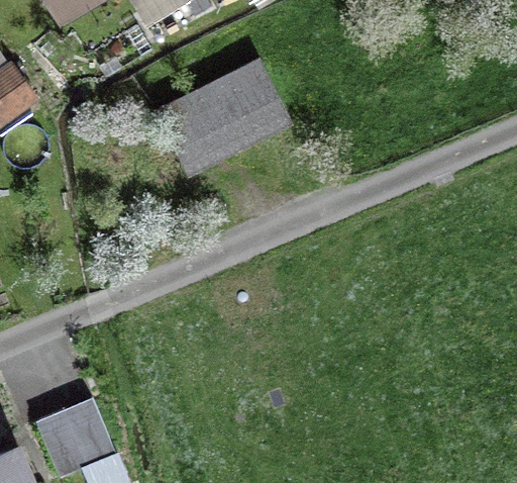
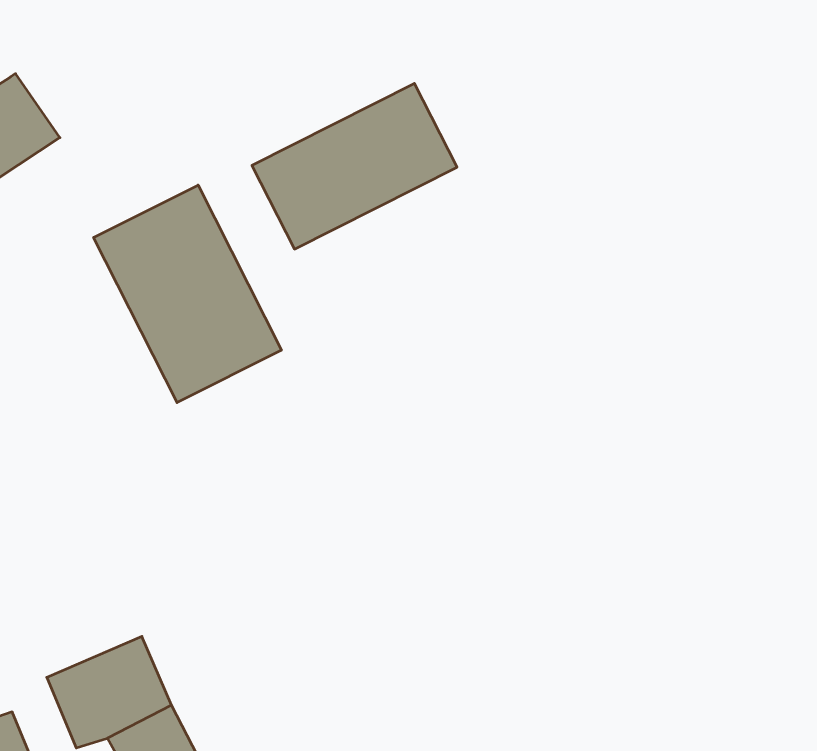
building: none -> [94,185,281,403]

